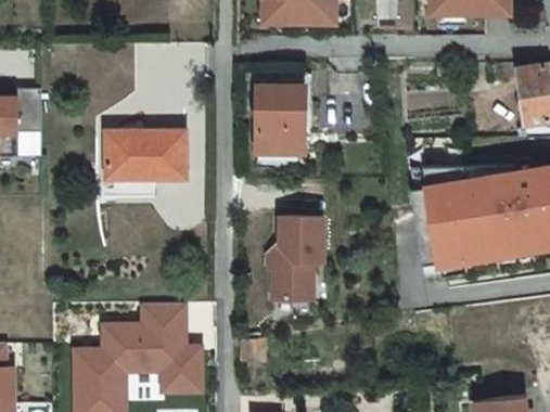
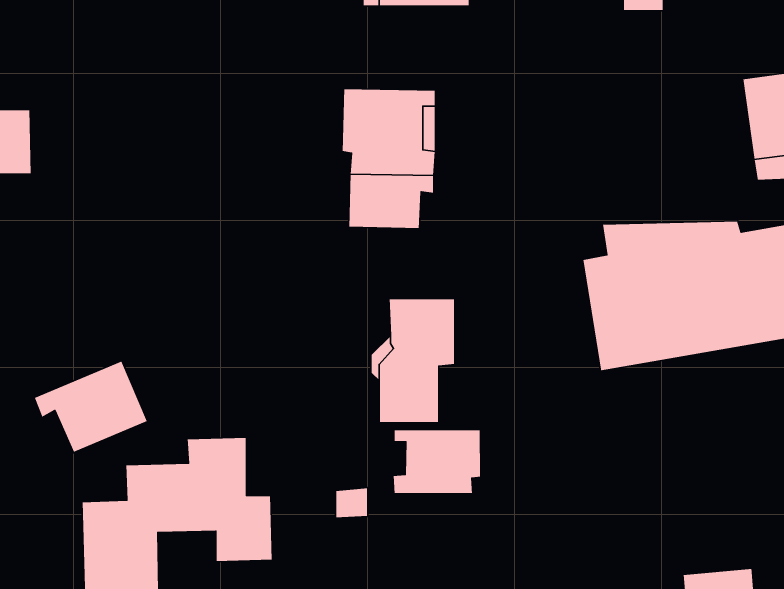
building: [104,129,184,178] -> none
building: none -> [34,361,148,453]
building: none -> [393,430,481,494]

